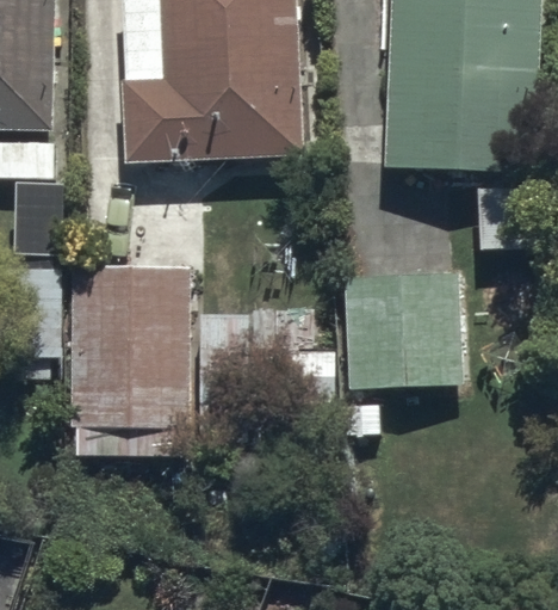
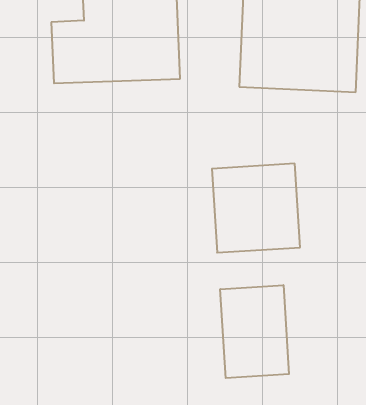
building: [74,259,190,454] -> none
building: none -> [220,285,289,378]

